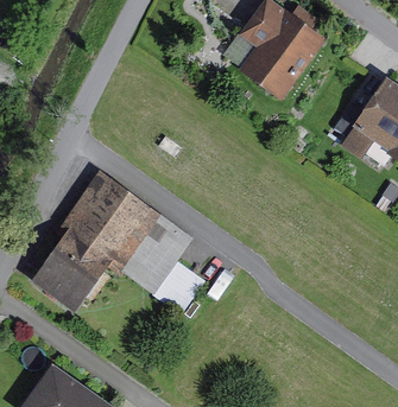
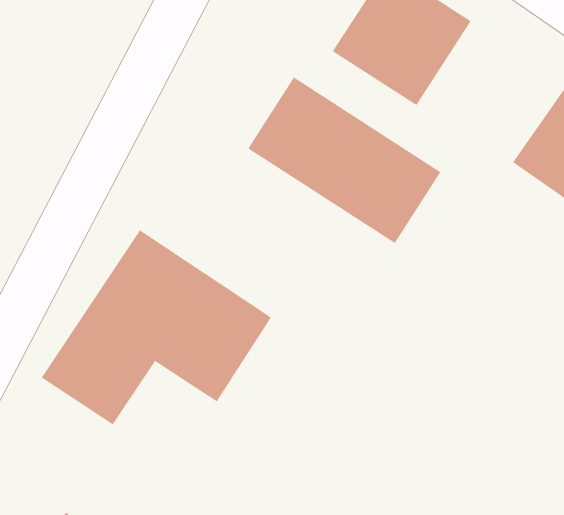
building: none -> [247,77,441,244]
building: [153,266,201,316] -> none

